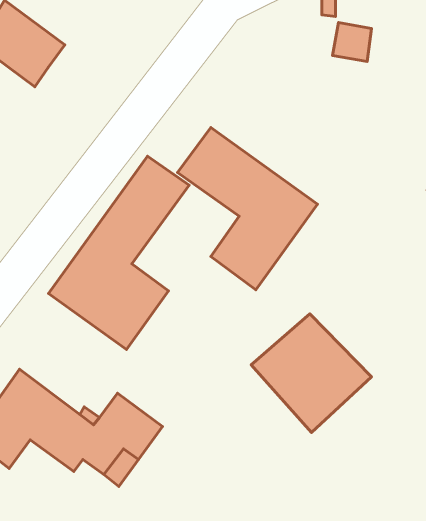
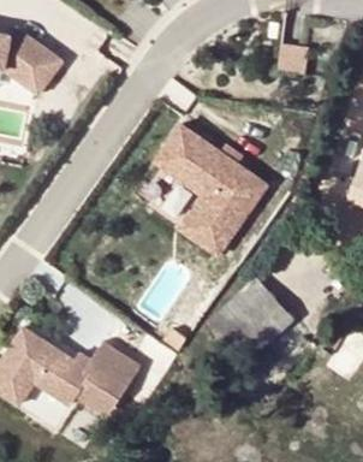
building: [48,156,189,350] -> none

